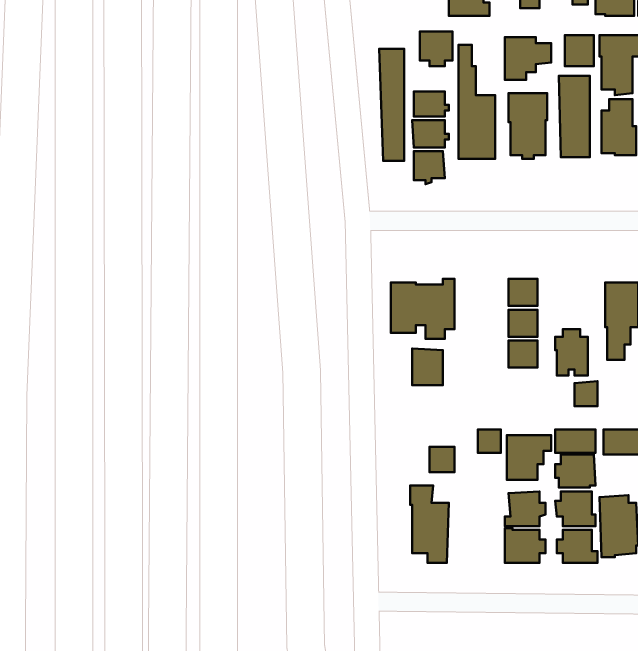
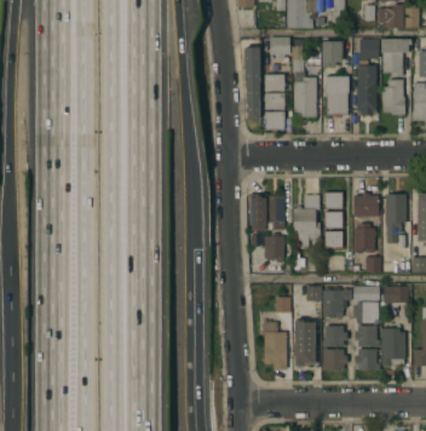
building: none -> [353,194,381,224]
building: none -> [293,196,320,249]
building: none -> [294,321,315,366]

